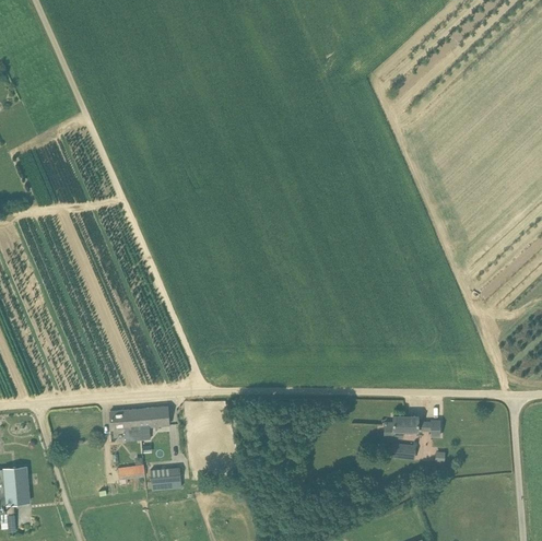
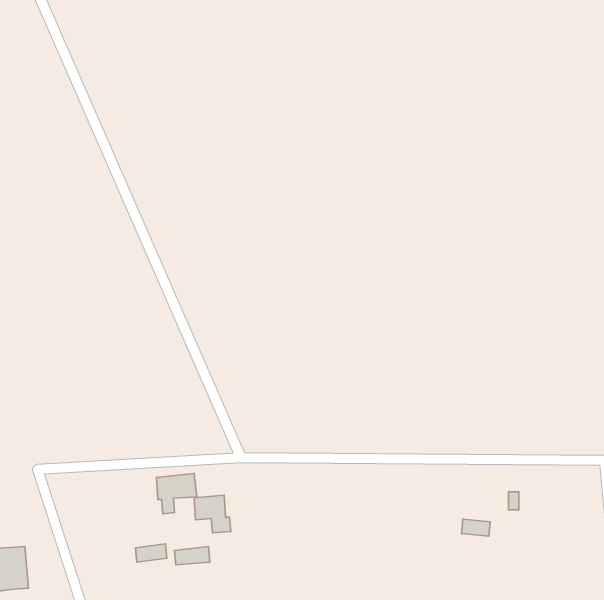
building: [110,410,141,442] -> [194,495,231,533]
building: [384,416,419,438] -> none

